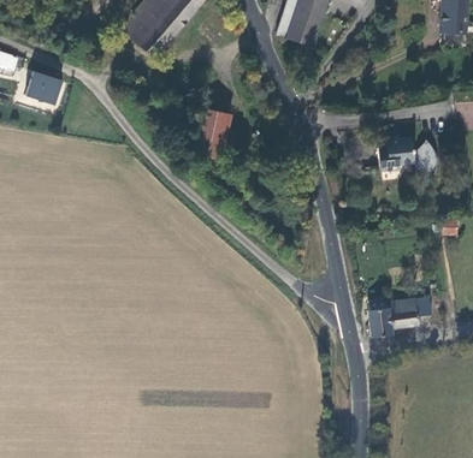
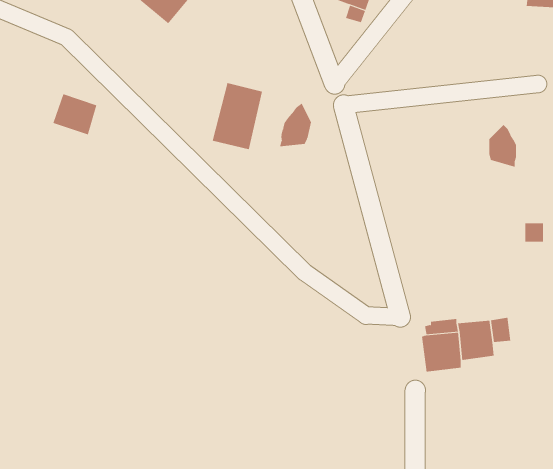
building: [25,71,61,105] -> [52,93,97,135]
building: none -> [280,103,312,147]
building: [376,137,413,173] -> none

